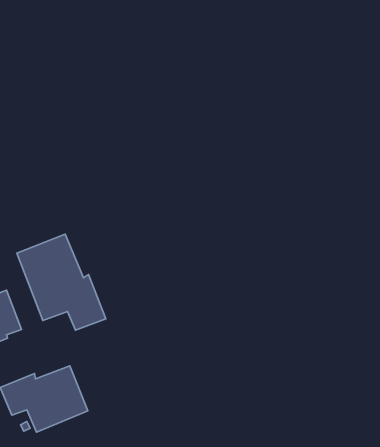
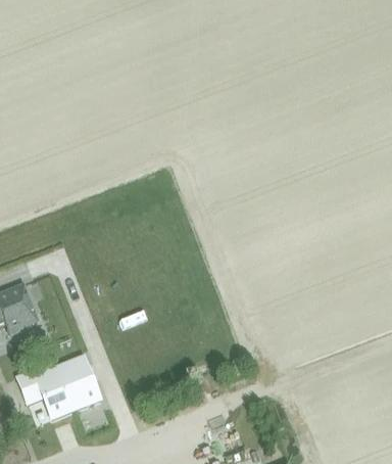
building: [17,234,106,330] -> none

